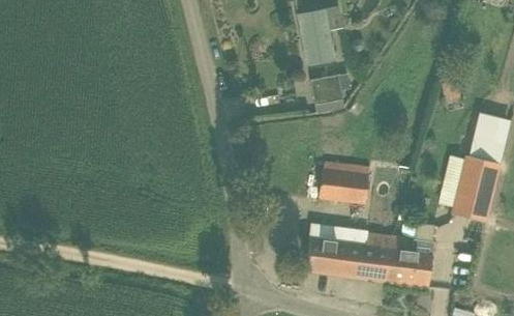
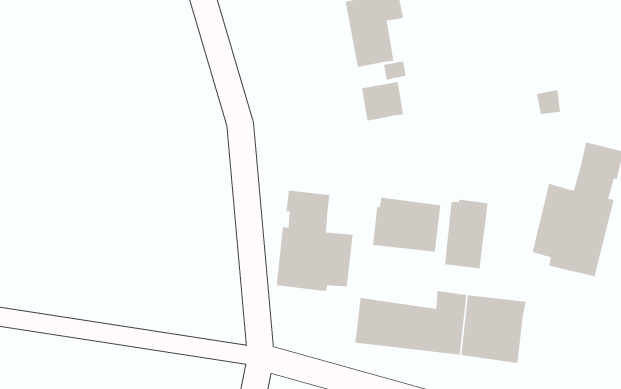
building: none -> [276,190,353,292]
building: none -> [444,199,488,269]

